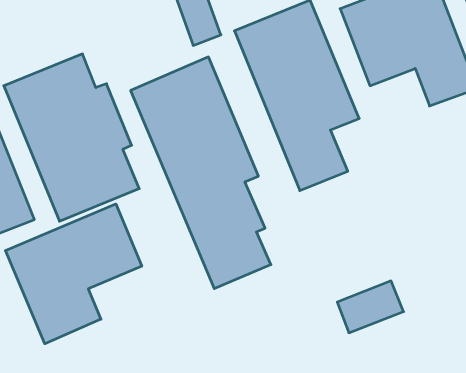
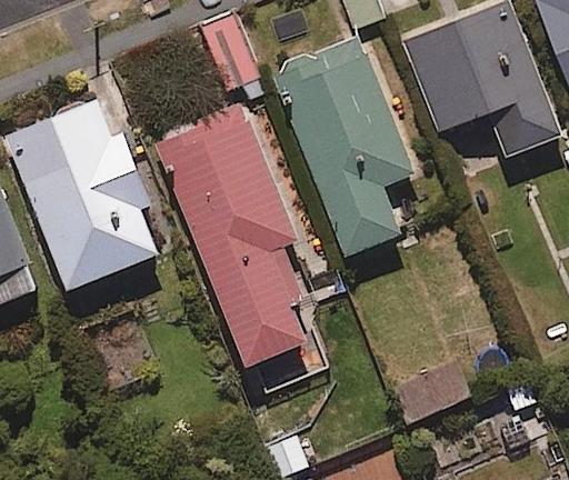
building: [5,204,142,344] -> none

